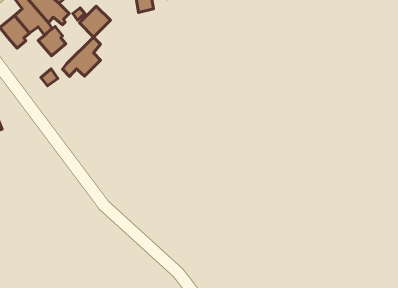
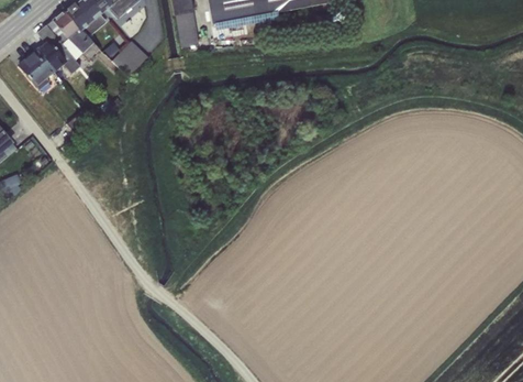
building: [38,27,66,56] -> none
building: [62,37,100,76] -> none

